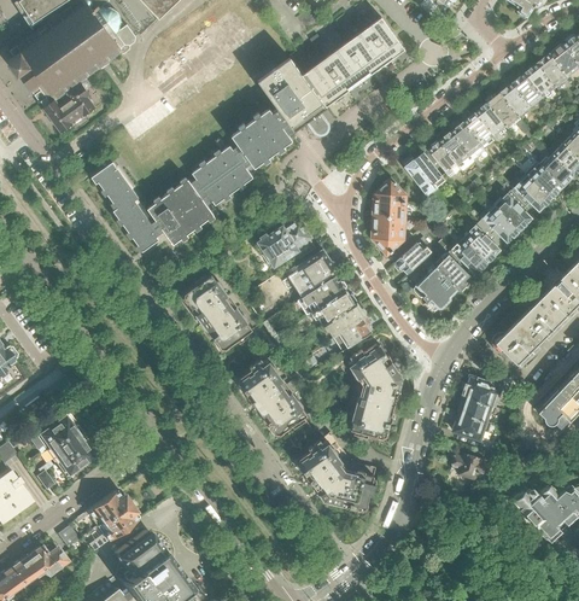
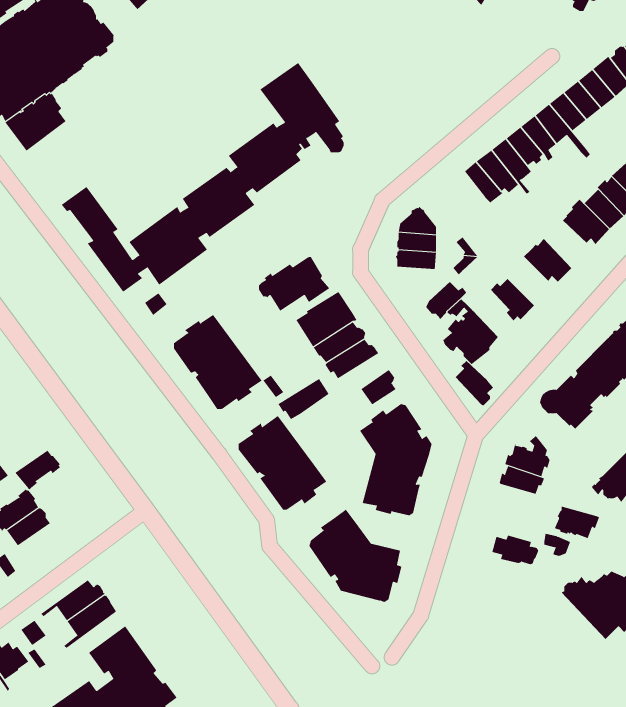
building: [302,17,404,107] -> none
building: [403,150,445,196] -> none
building: [495,189,531,231] -> none
building: [464,221,499,262] -> none
building: [372,229,404,255] -> none
building: [435,251,470,290] -> [455,360,497,406]
building: [322,302,365,337] -> [278,378,329,420]
building: [452,412,491,439] -> [554,506,600,539]
building: [54,444,93,478] -> [15,450,61,490]

